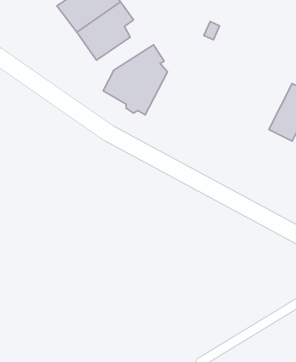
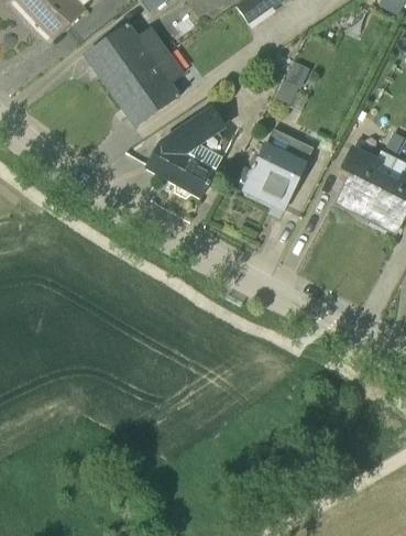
building: none -> [241,128,312,210]
building: none -> [334,144,396,219]

